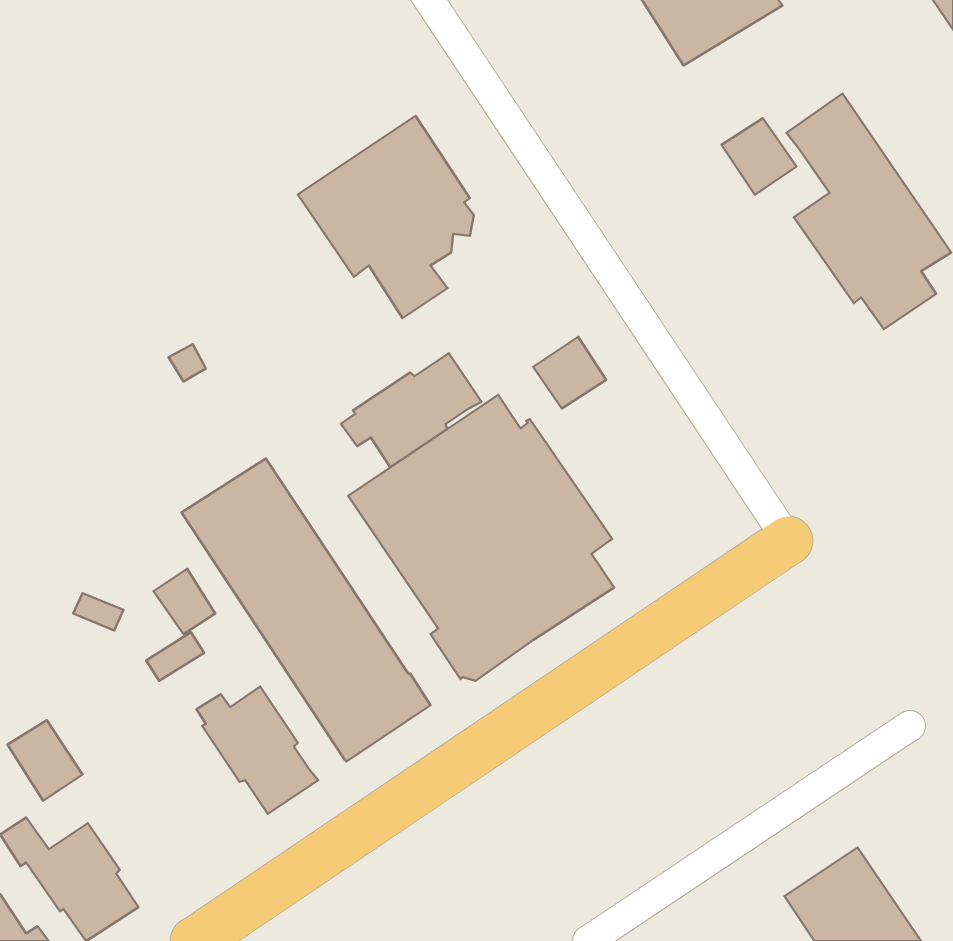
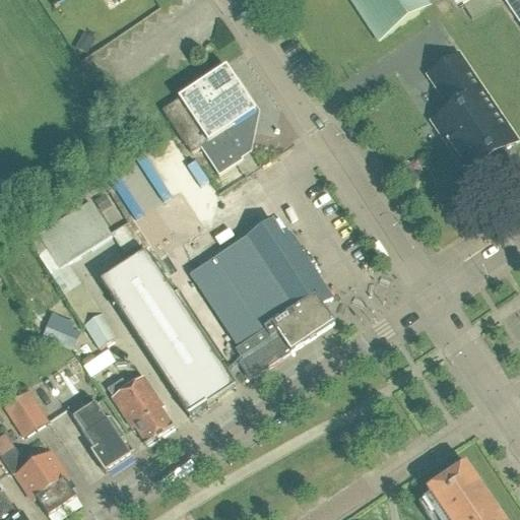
building: [722,118,796,195] -> none
building: [533,337,606,409] -> none
building: [341,353,481,467] -> none
building: none -> [37,196,111,264]
building: none -> [72,391,132,469]

